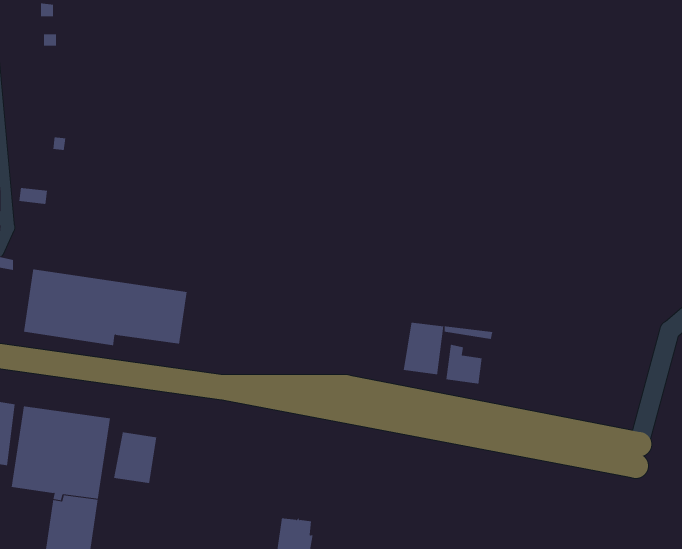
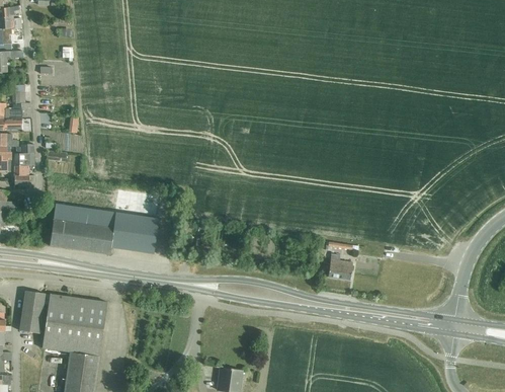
building: [403,322,444,375] -> none
building: [113,432,157,484] -> none

